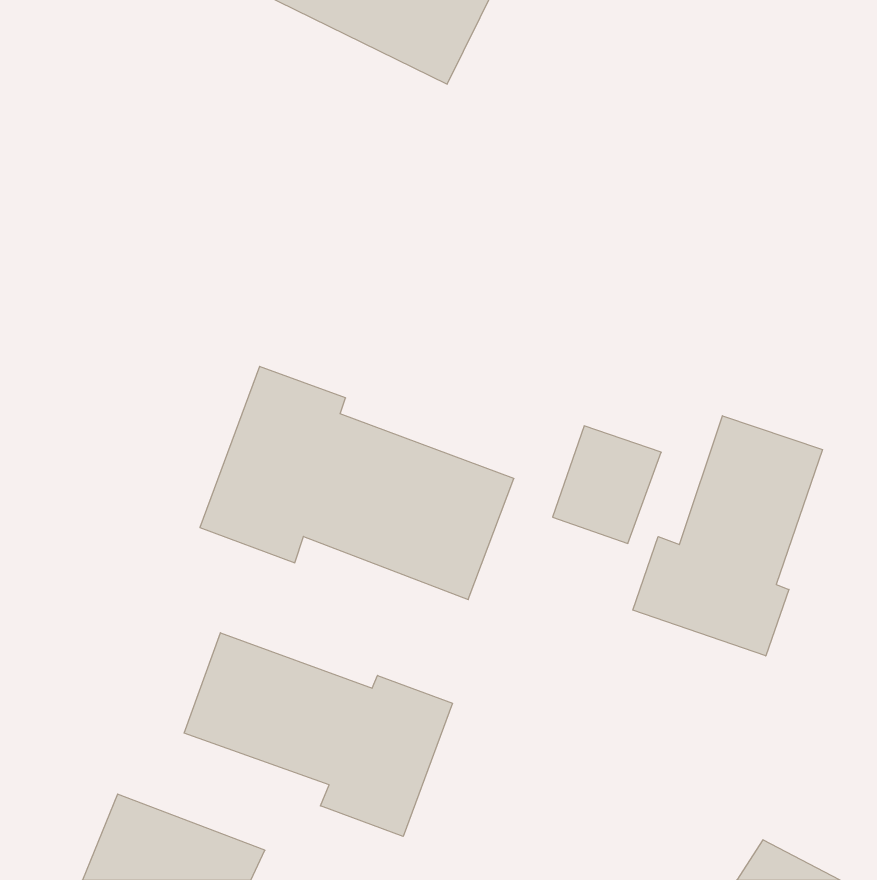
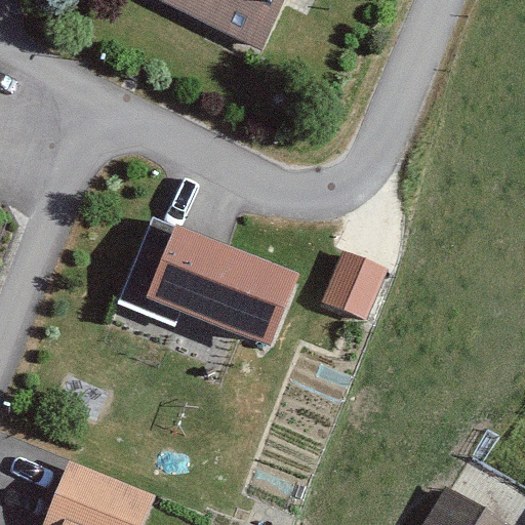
building: [633,416,822,656] -> none
building: [184,633,452,836] -> none

